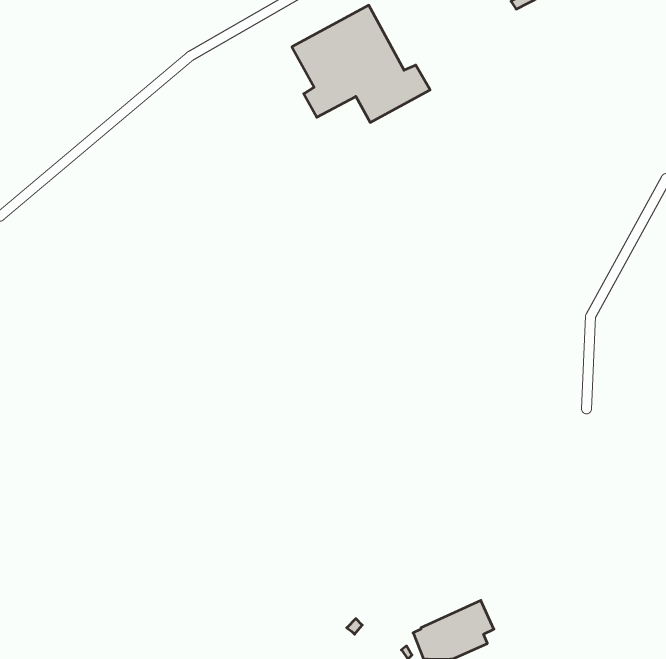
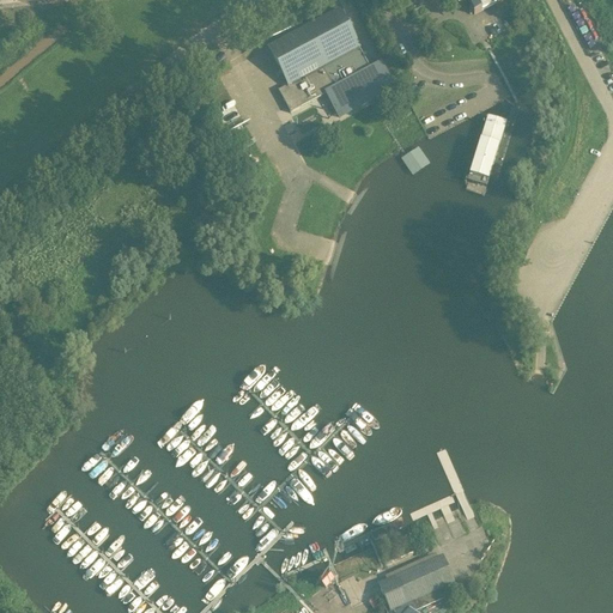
building: none -> [463,113,505,192]

